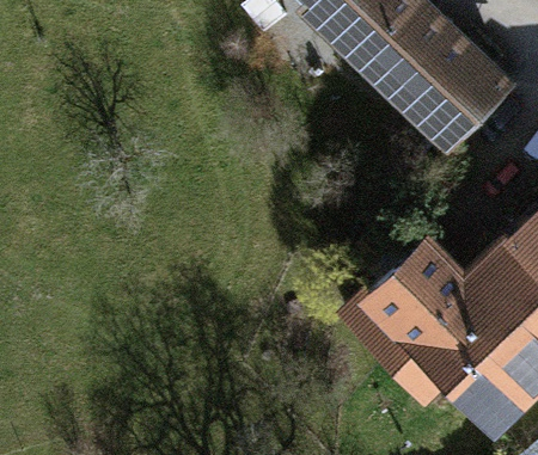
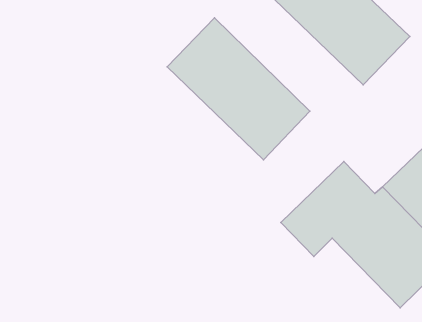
building: none -> [167,18,310,160]

